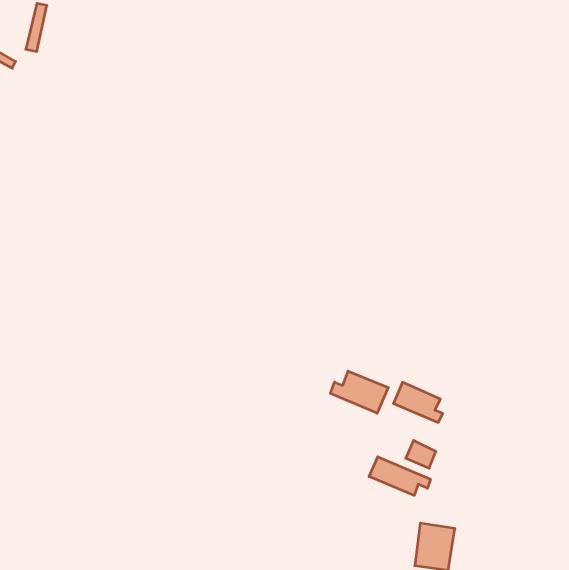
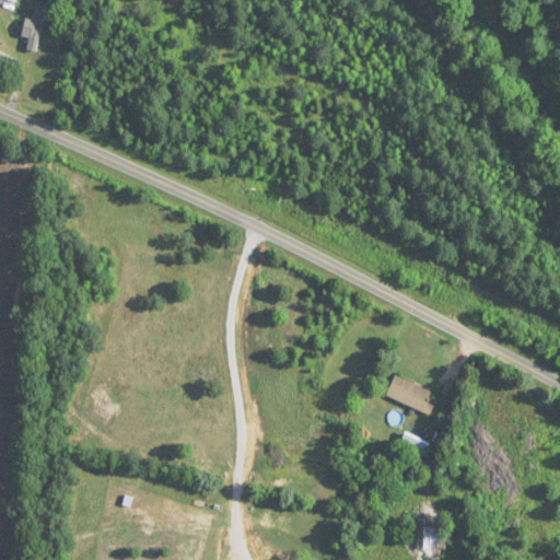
building: [330,371,388,413] -> none
building: [369,457,430,495] -> none

